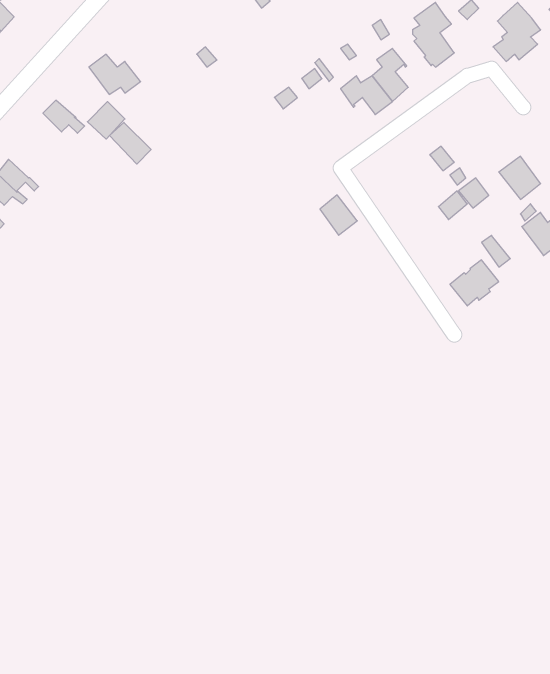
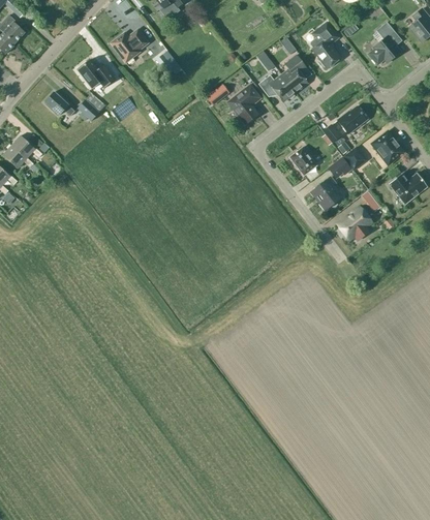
building: none -> [111,29,148,62]
building: none -> [227,85,260,125]
building: none -> [337,106,367,134]
building: [110,122,151,164] -> none
building: [320,195,357,235] -> [289,147,316,176]
building: none -> [312,177,342,210]

